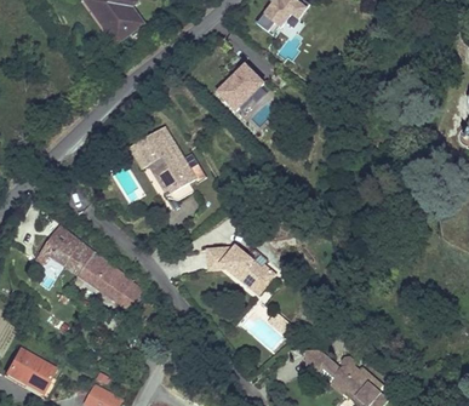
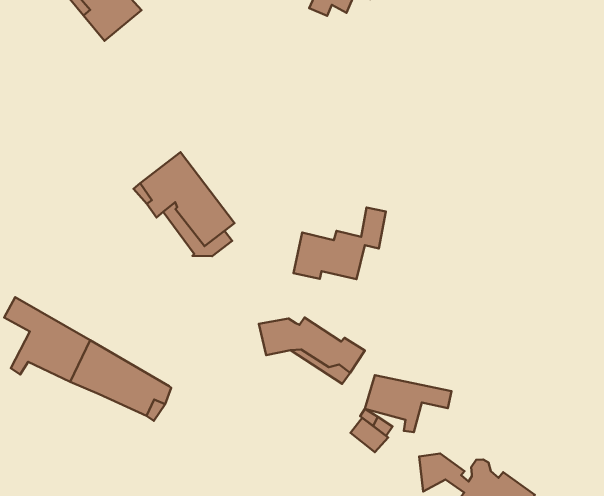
building: [217,64,263,110] -> none
building: none -> [294,208,386,279]
building: none -> [365,375,452,432]

